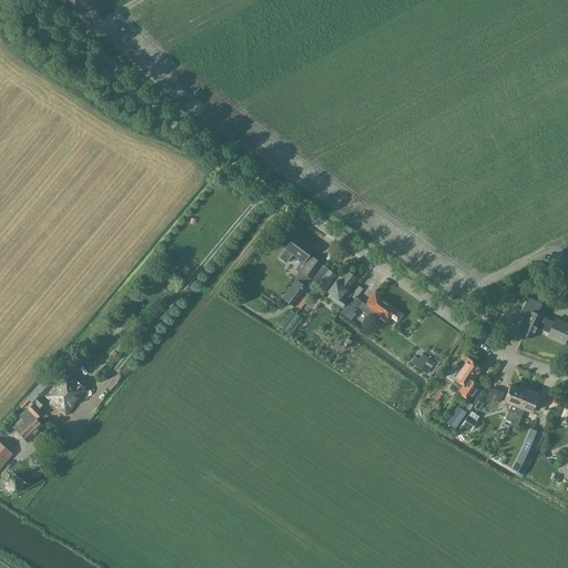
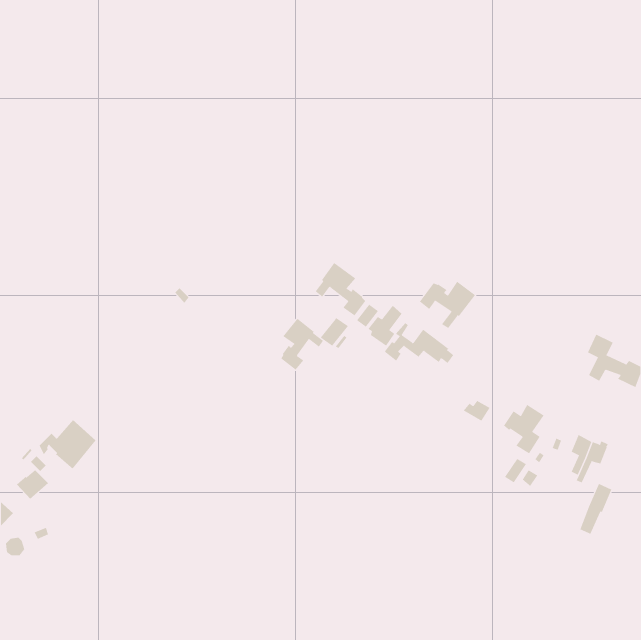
building: none -> [419,281,476,329]
building: none -> [281,318,324,370]

